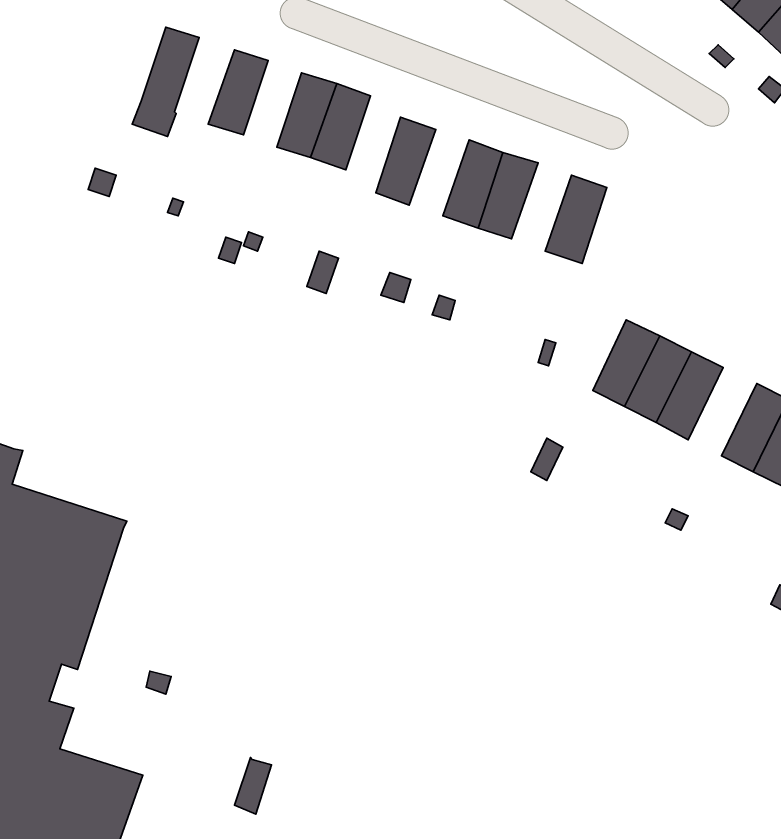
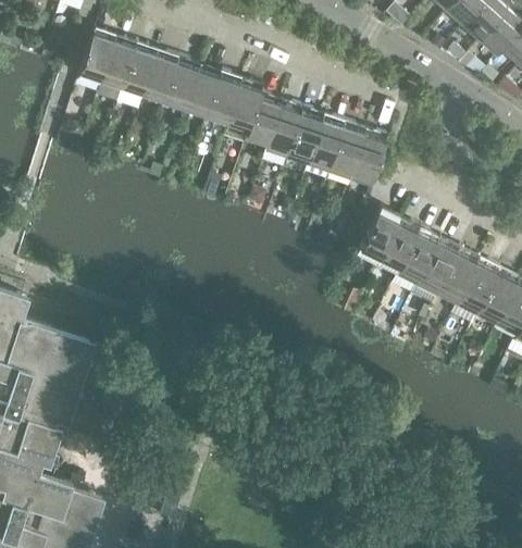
building: none -> [78,30,115,84]
building: none -> [121,45,158,98]
building: none -> [163,59,199,112]
building: none -> [226,80,262,140]
building: none -> [265,101,302,154]
building: none -> [328,122,365,176]
building: none -> [358,209,399,262]
building: none -> [437,248,480,302]

